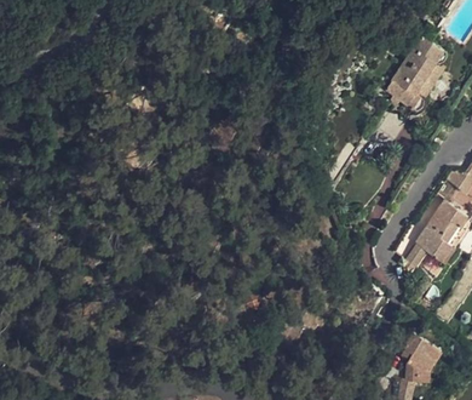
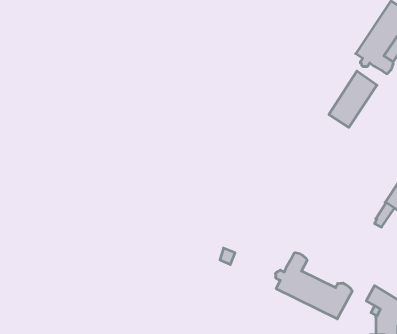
building: none -> [275,253,352,319]

